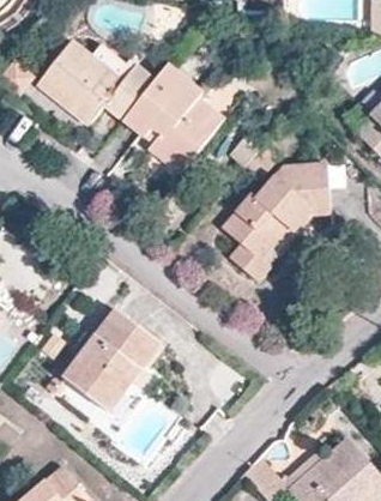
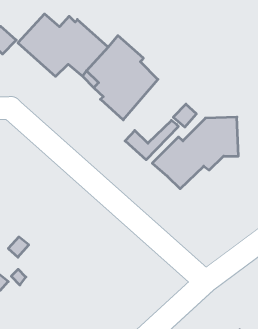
building: [228,228,296,280] -> [125,120,178,160]
building: [62,312,157,403] -> none

